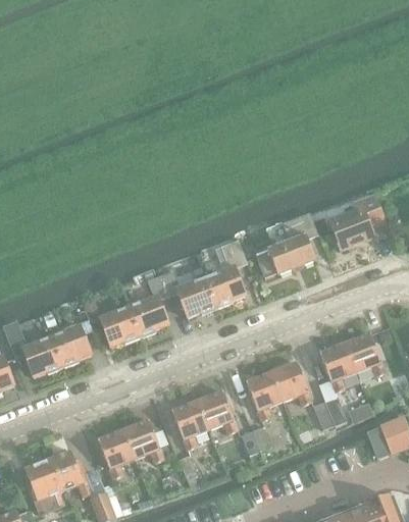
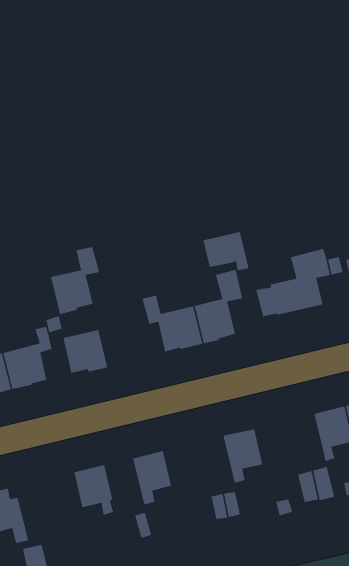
building: none -> [202,231,250,271]
building: [129,275,170,337] -> [50,246,100,315]
building: [271,362,311,405] -> none
building: [197,392,237,433] -> none
building: [98,429,135,478] -> none

